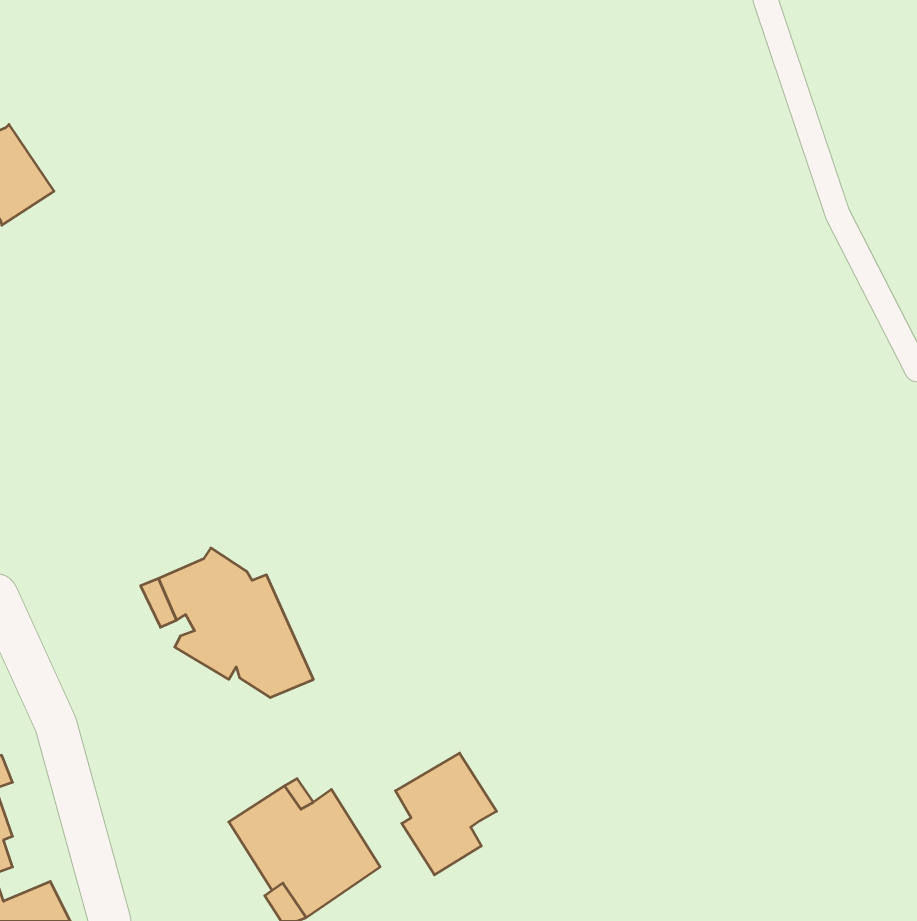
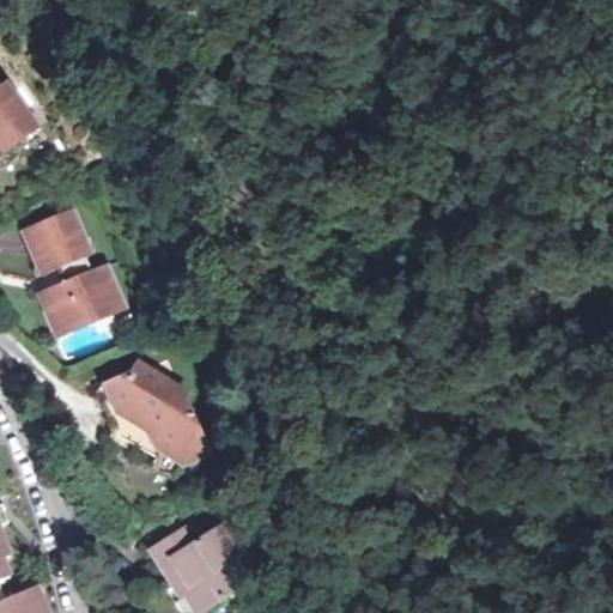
building: none -> [30,213,117,332]
building: [395,753,497,875] -> none

